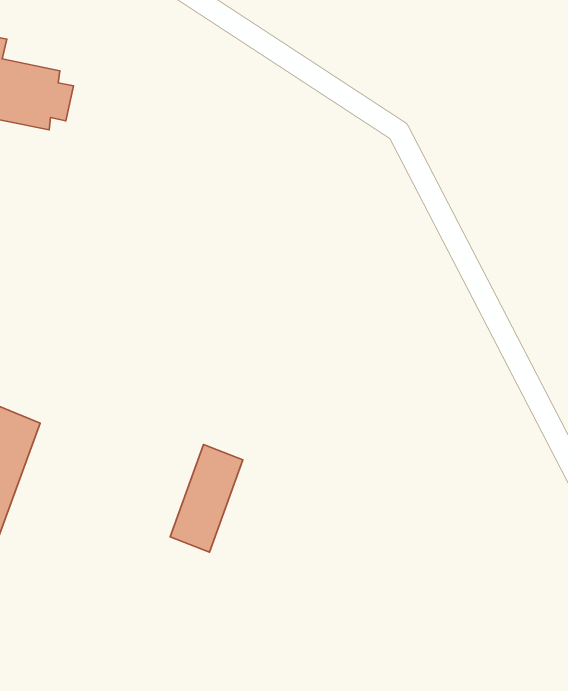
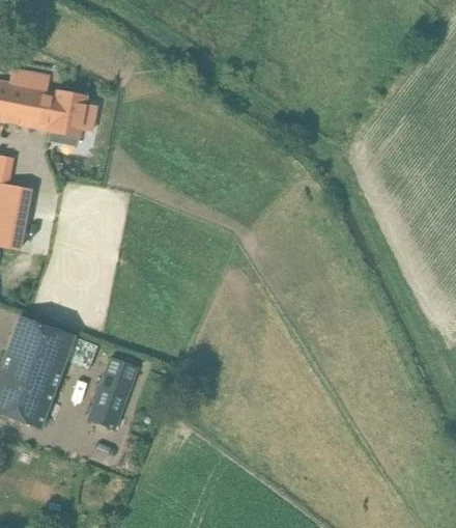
building: [170,445,243,552] -> [89,356,139,429]

